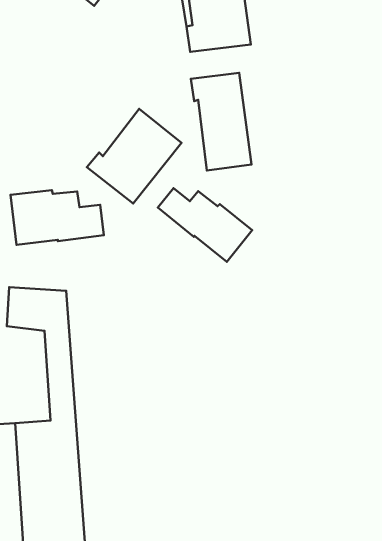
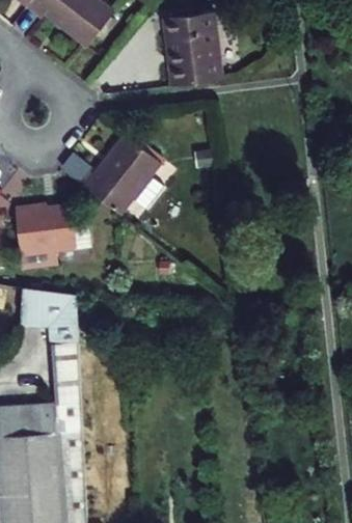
building: [191,73,252,171] -> none
building: [158,188,252,262] -> none

